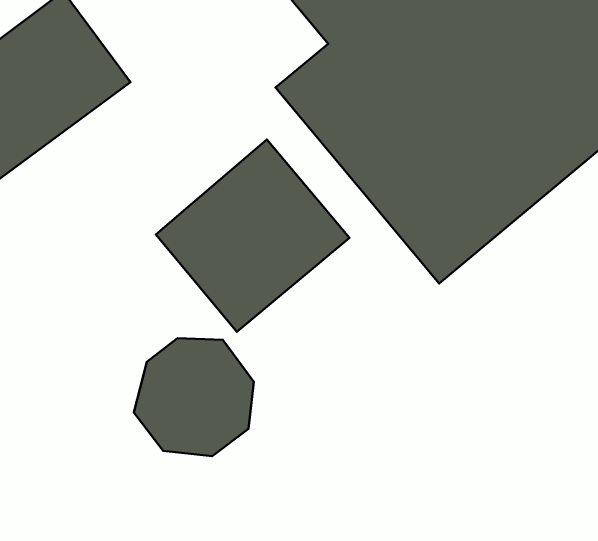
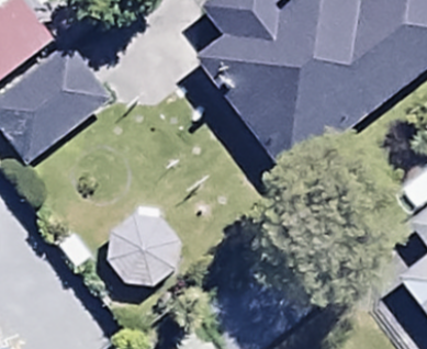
building: [156,140,350,332] -> none

